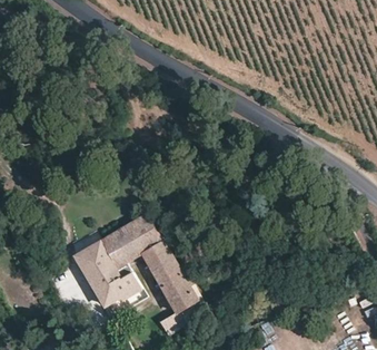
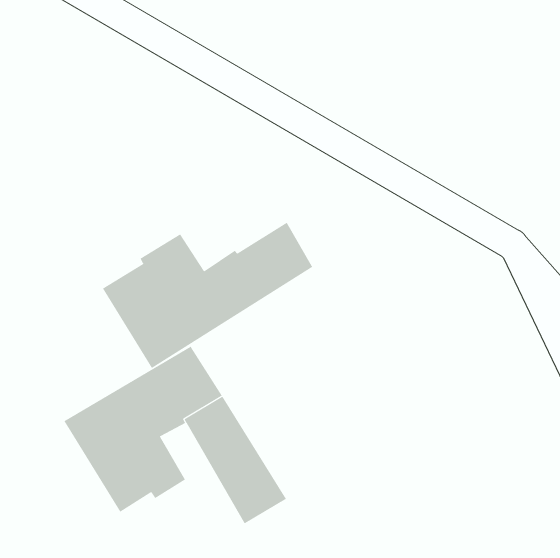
building: none -> [102,222,314,369]

